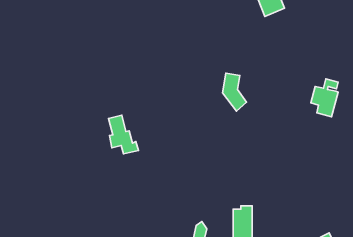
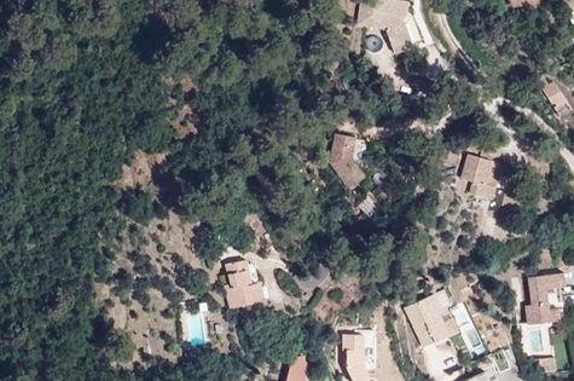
building: [109,115,138,154] -> [225,261,268,318]
building: none -> [406,295,451,348]

